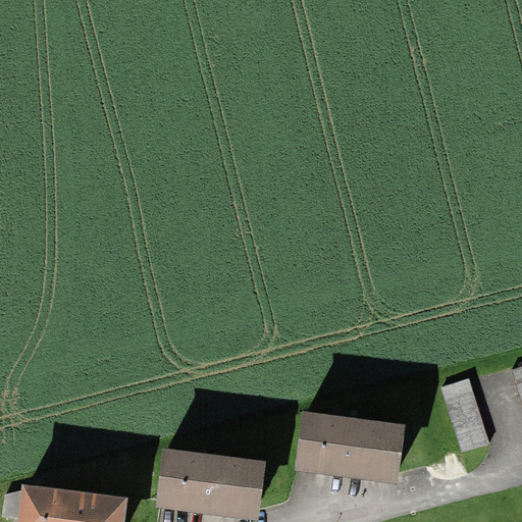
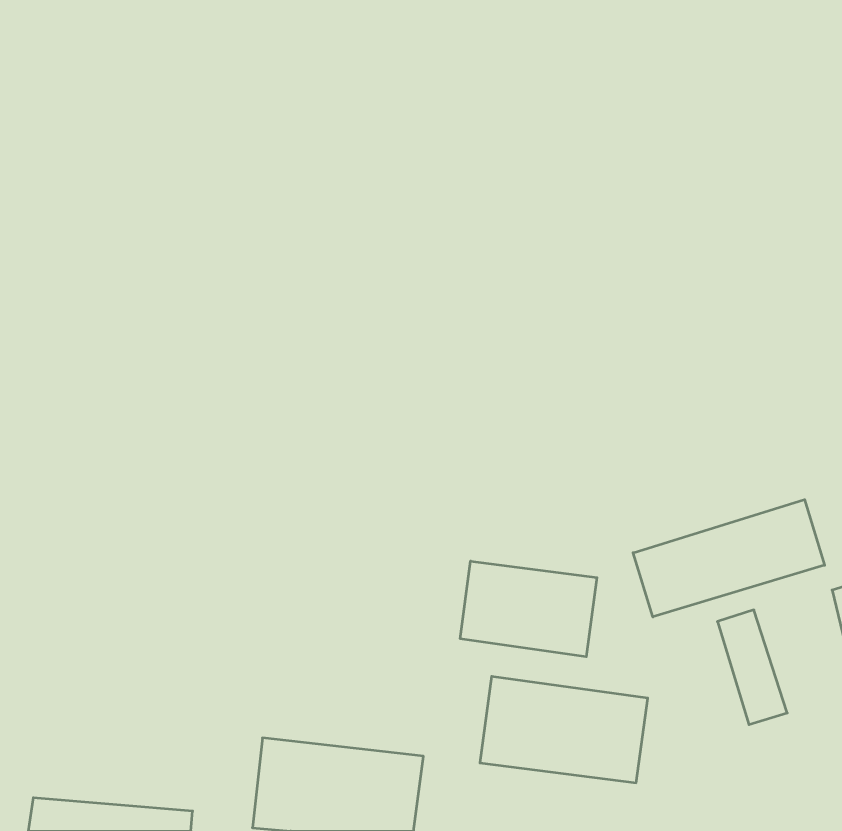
building: none -> [633,500,825,617]
building: none -> [460,561,597,657]

